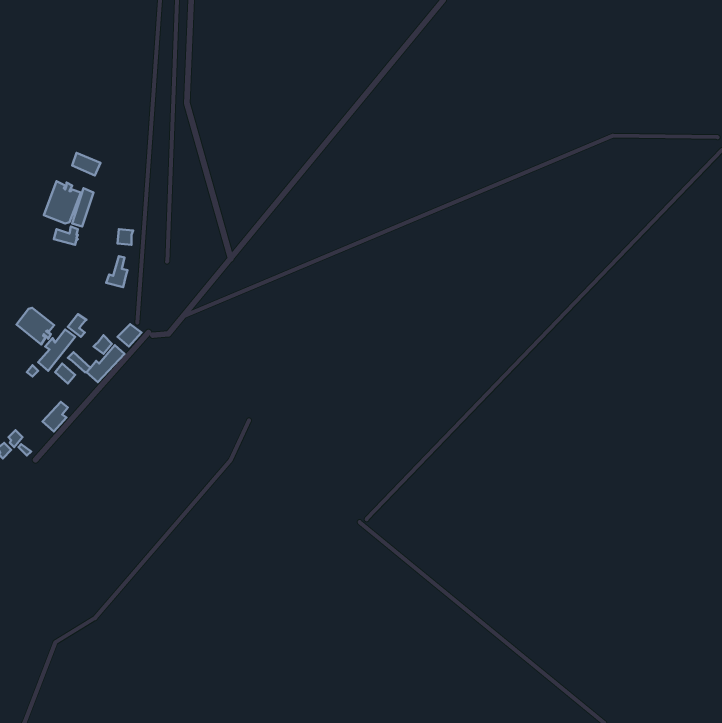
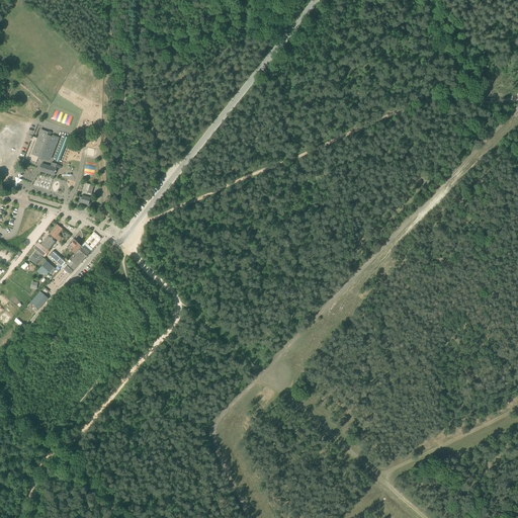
building: [16,308,54,344] -> none

